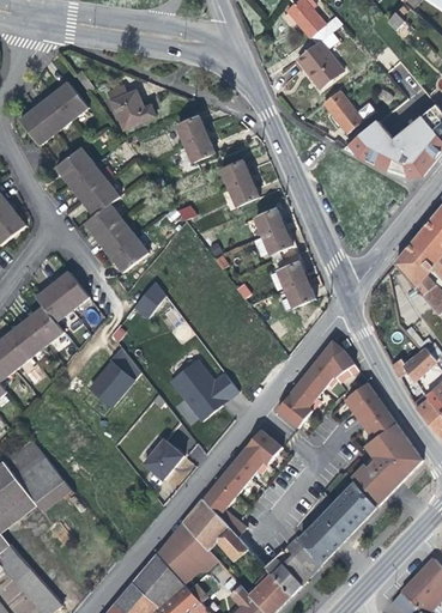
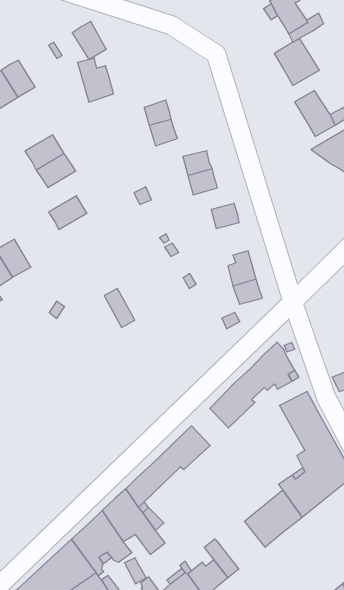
building: [50,83,85,120] -> [72,21,106,59]
building: [55,147,92,183] -> none
building: [84,204,122,239] -> none
building: [261,227,295,263] -> none
building: [109,236,147,271] -> none
building: [131,281,166,318] -> none
building: [90,346,140,405] -> none
building: [169,358,238,419] -> none
building: [144,437,183,478] -> none
building: [298,516,345,563] -> none

